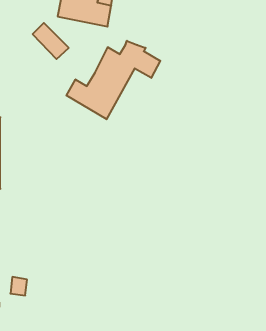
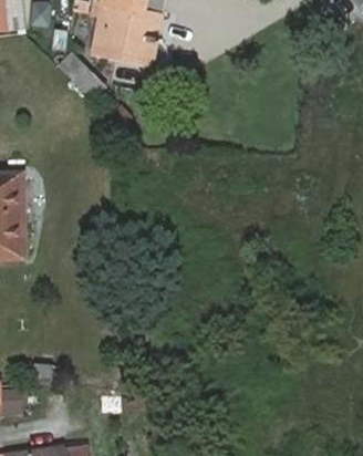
building: [66,41,160,119] -> none

